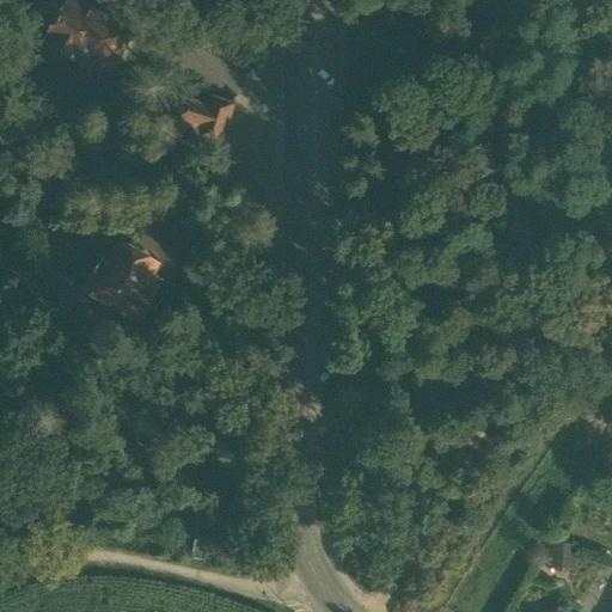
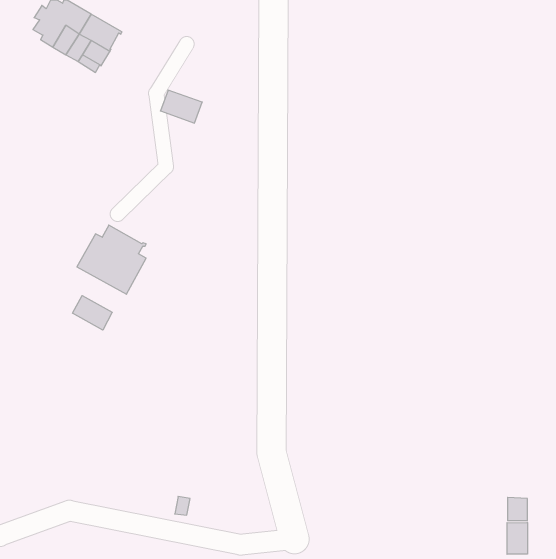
building: none -> [73,296,112,330]
building: none -> [507,522,527,554]

